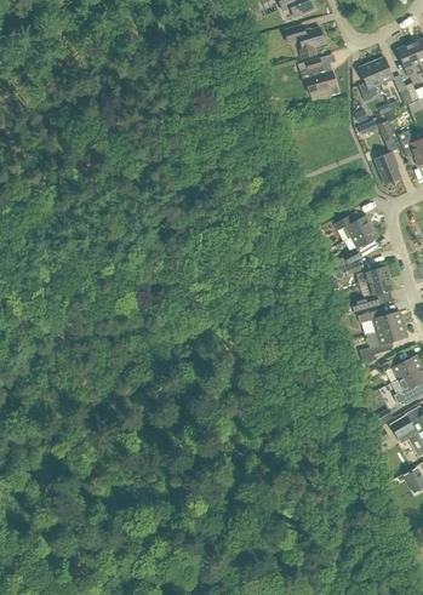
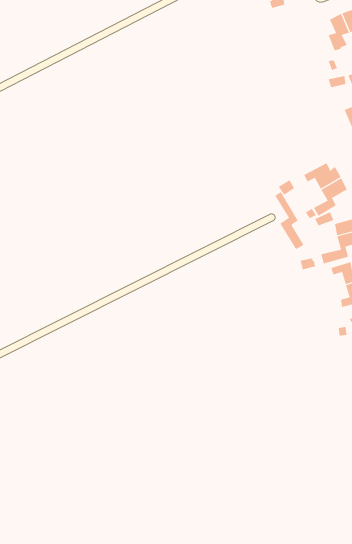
building: [298,58,338,95] -> none
building: none -> [274,191,304,250]

